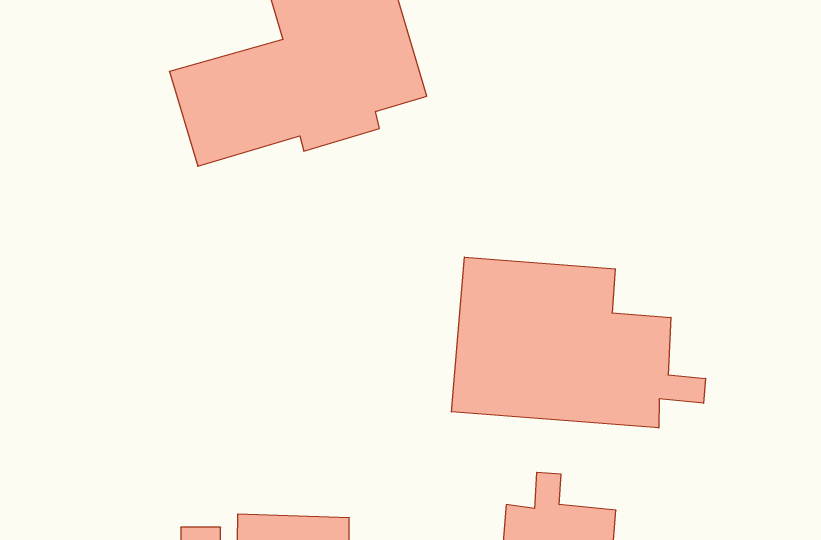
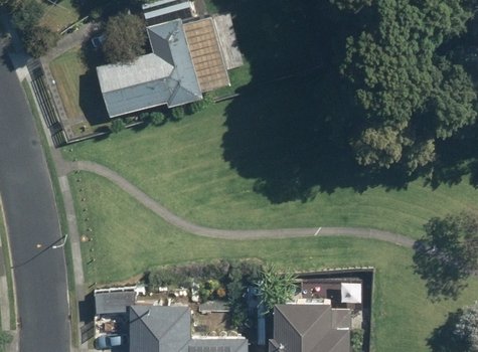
building: [452,257,706,428] -> none

